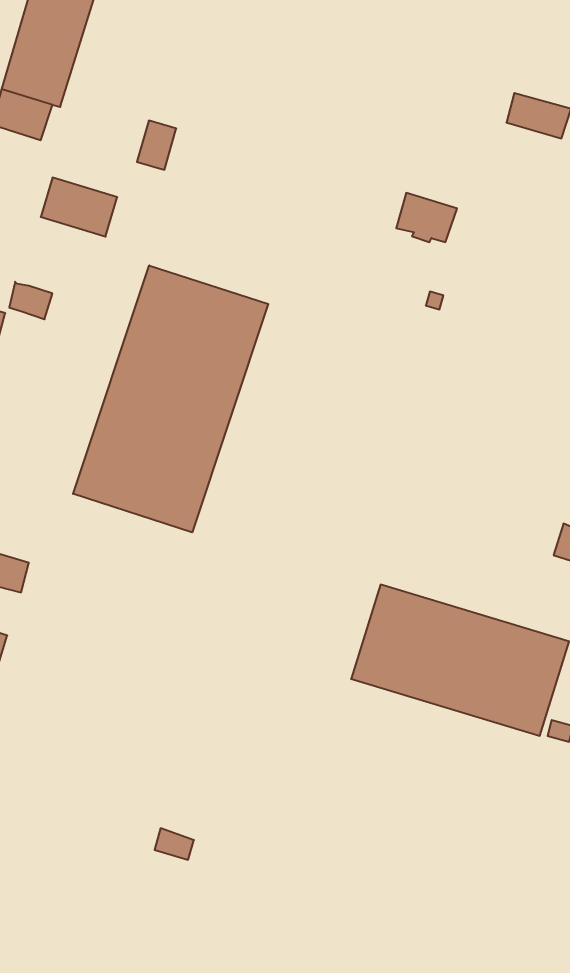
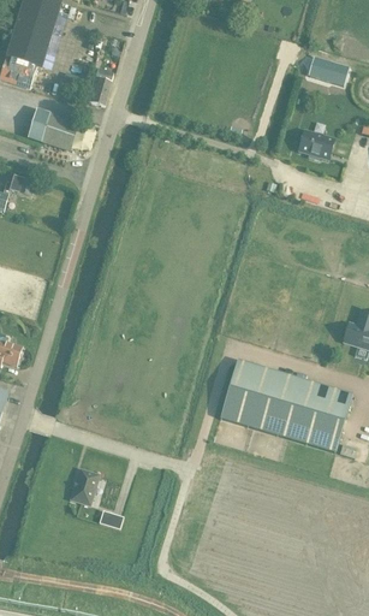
building: [396,193,457,242] -> [297,129,334,159]
building: [73,265,268,532] -> none
building: none -> [70,468,99,504]

